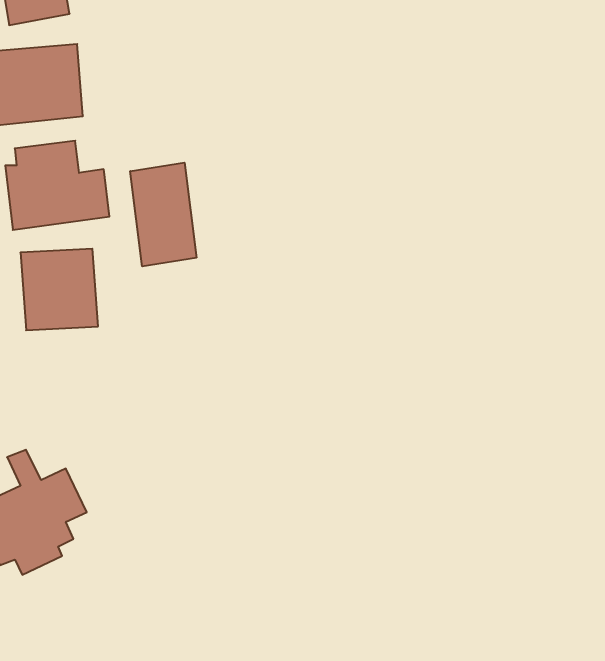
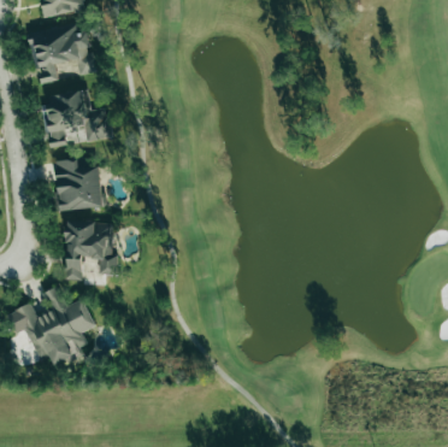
building: [130,163,196,266] -> none
building: none -> [64,222,118,281]

